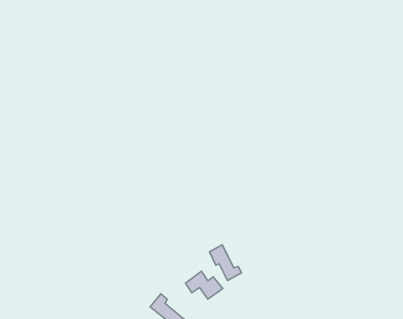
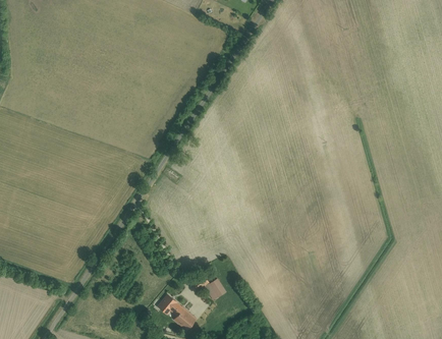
building: [210,245,241,281] -> none

